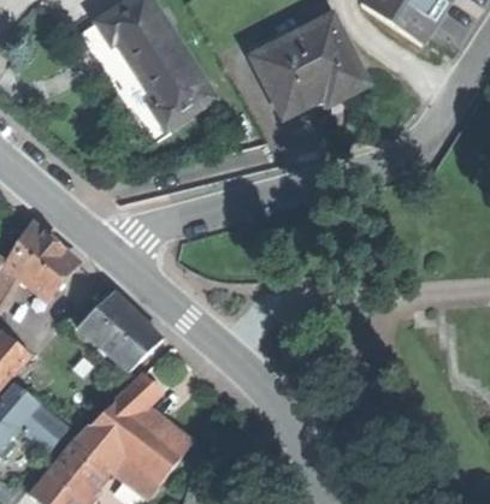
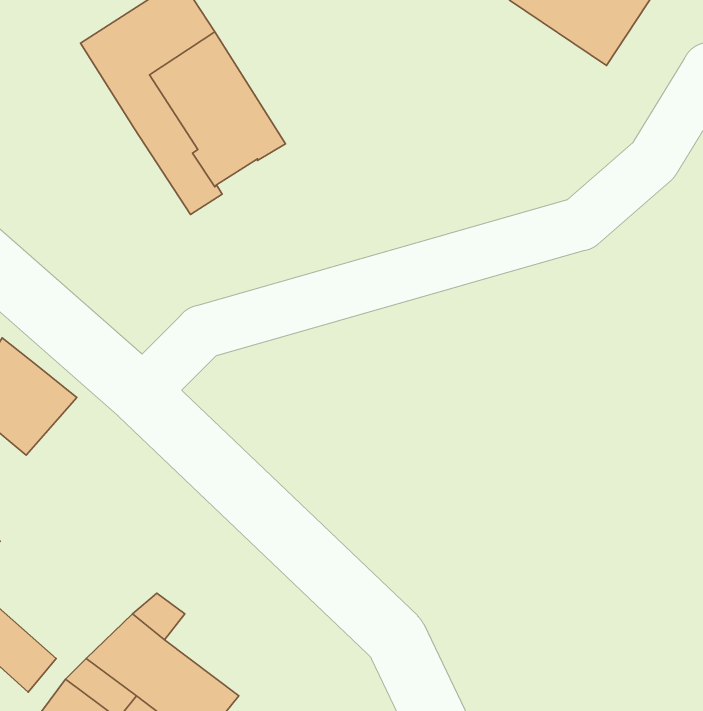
building: [255,16,366,115] -> none
building: [77,291,163,370] -> none

